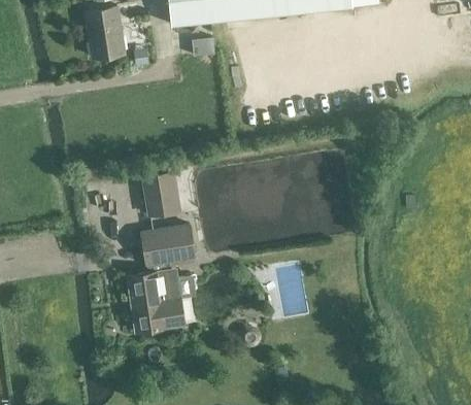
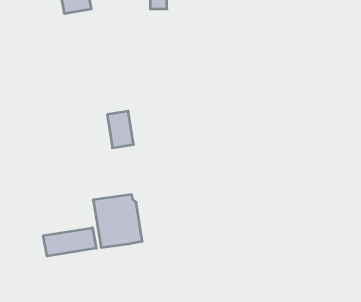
building: [141,225,197,266] -> none
building: none -> [43,228,96,256]

